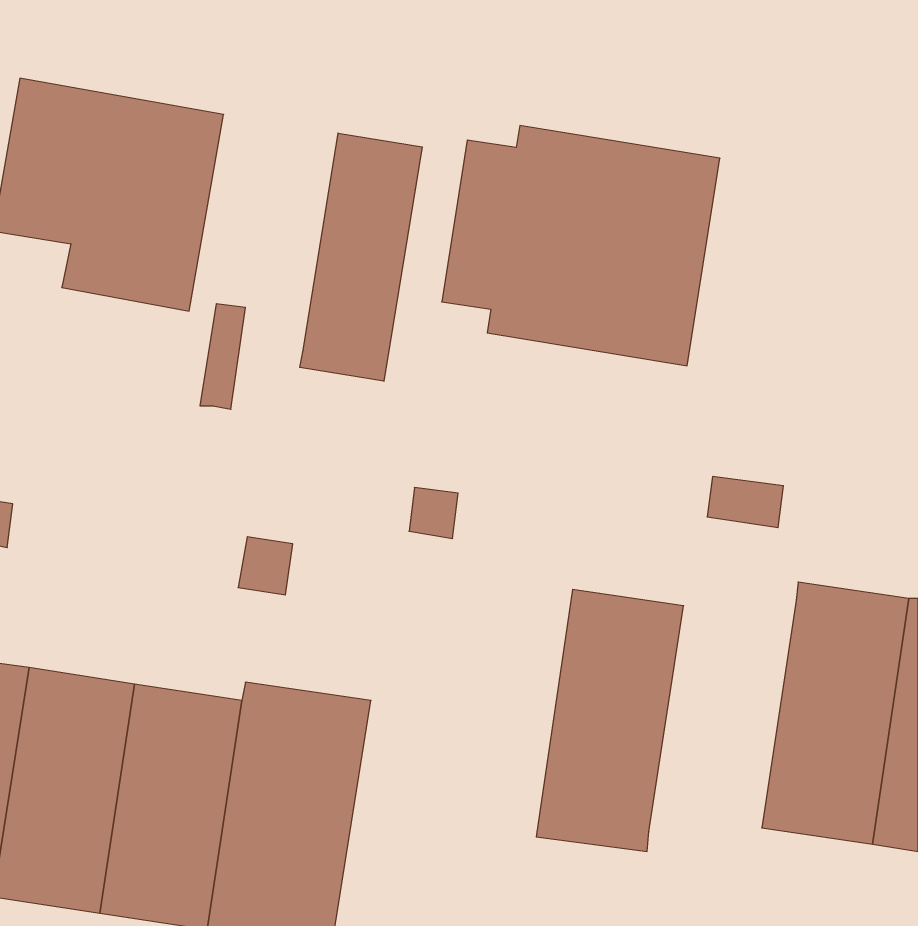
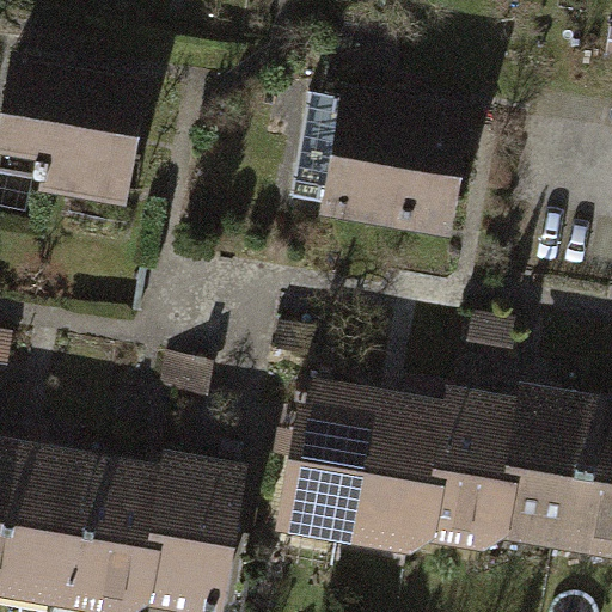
building: [300,133,422,381] -> none
building: none -> [281,379,377,552]
building: none -> [427,386,524,559]

